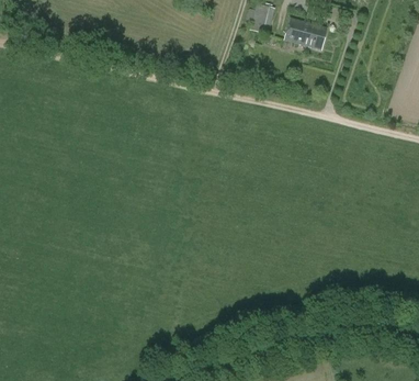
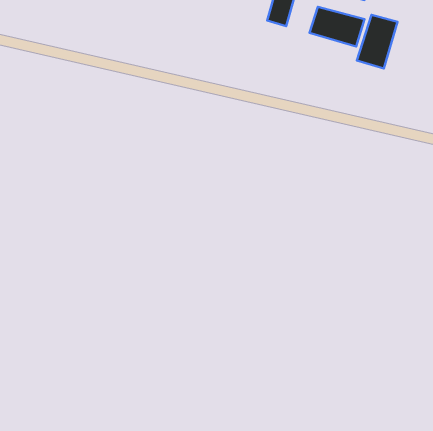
building: none -> [357,15,397,68]

